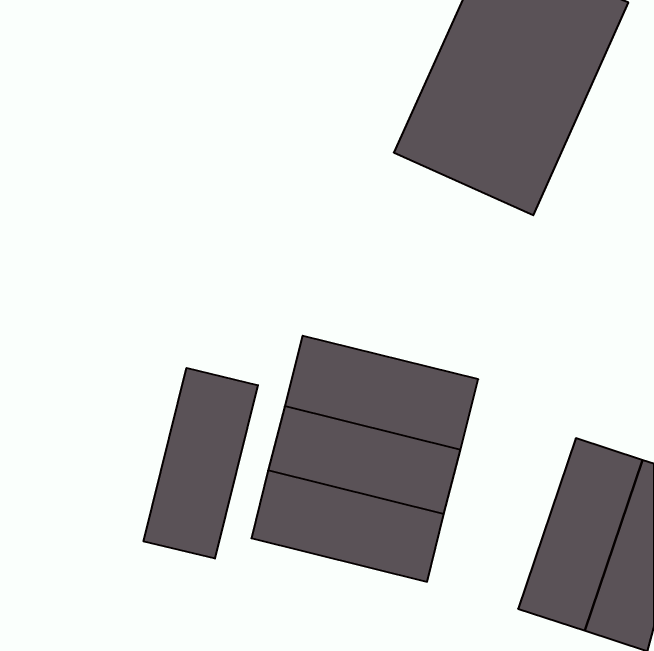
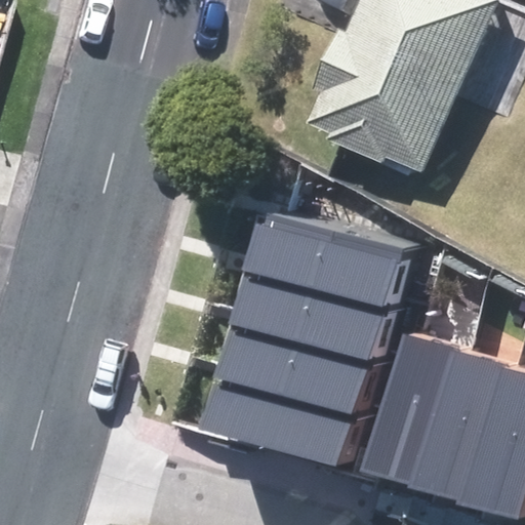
building: none -> [242,213,397,304]
building: [144,368,258,559] -> none
building: none -> [360,332,460,487]

